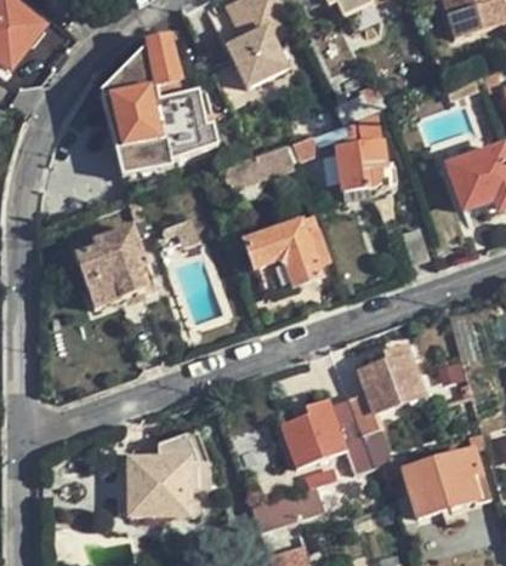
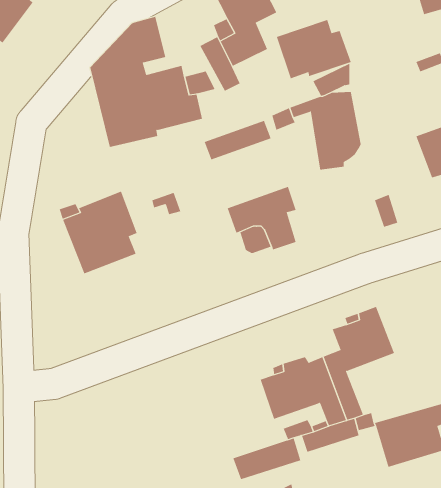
building: none -> [276,19,351,79]
building: [118,428,210,515] -> none

